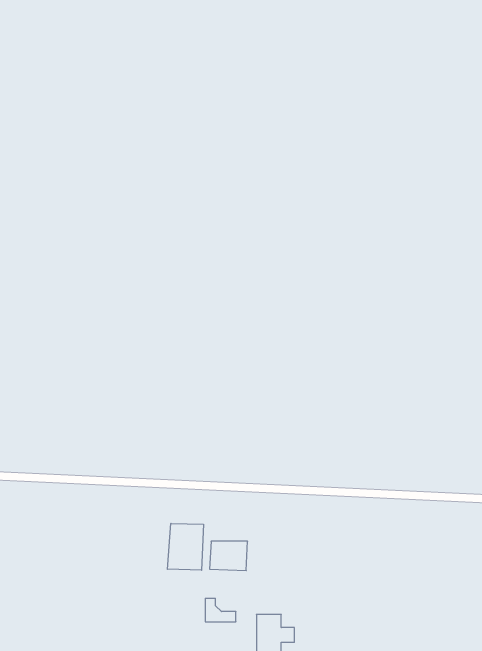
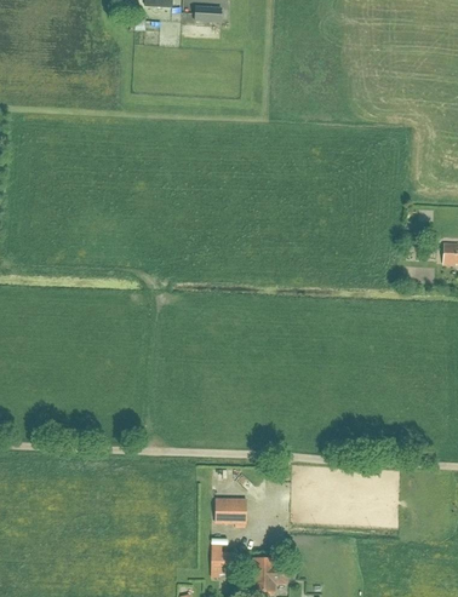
building: [167,523,203,570] -> none

